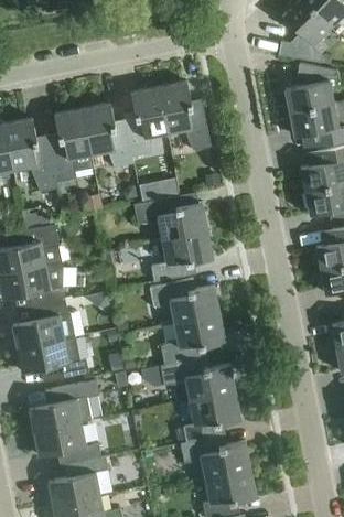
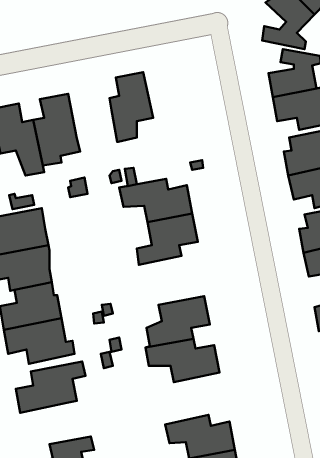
building: [158,82,211,150] -> none
building: [82,103,133,168] -> none
building: [149,279,219,323] -> none
building: [180,391,240,444] -> none
building: [33,422,105,465] -> none

